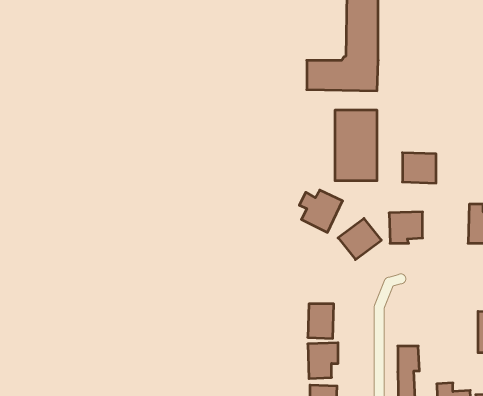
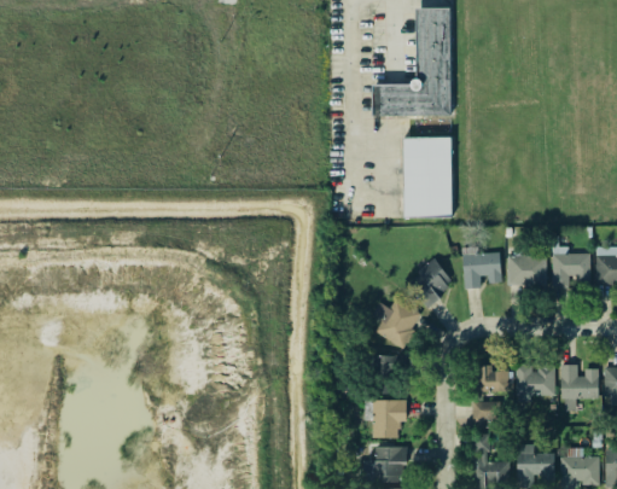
building: [402,153,436,183] -> [510,252,547,286]
building: [299,190,343,232] -> [373,299,421,347]
building: none -> [516,363,555,402]
building: none -> [477,365,510,392]

